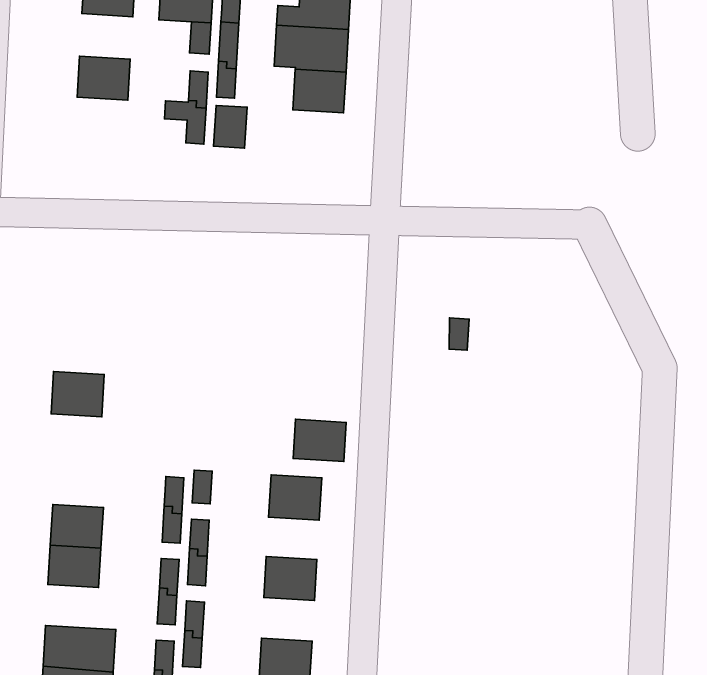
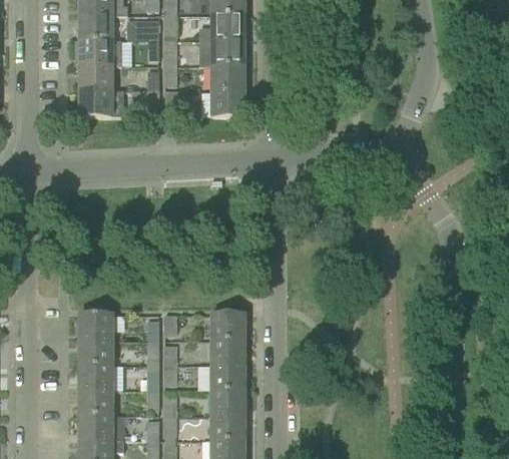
building: none -> [75,39,120,65]
building: none -> [79,90,121,115]
building: none -> [211,90,242,115]
building: [51,371,104,417] -> [79,314,110,340]
building: [293,419,346,462] -> [211,340,242,364]
building: none -> [79,389,110,414]
building: none -> [211,389,242,414]

